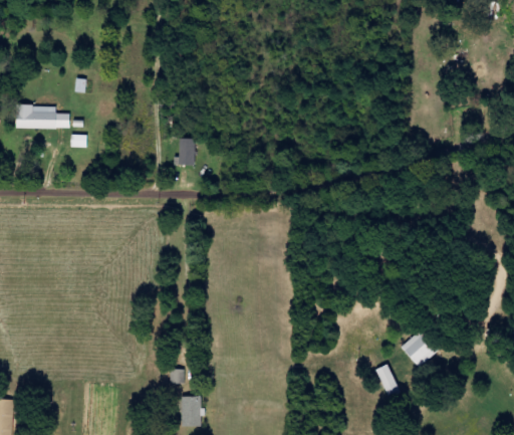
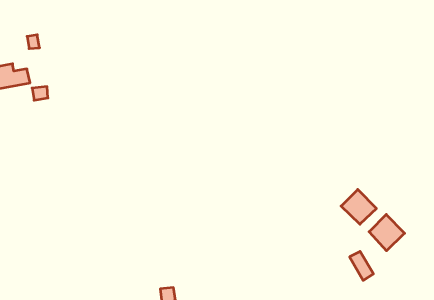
building: [178,138,195,164] -> none
building: none -> [341,189,376,224]

